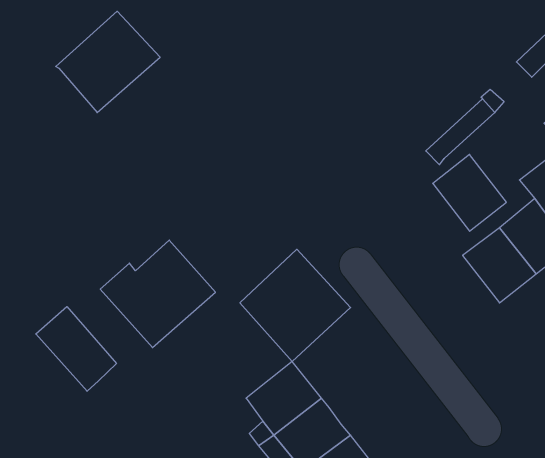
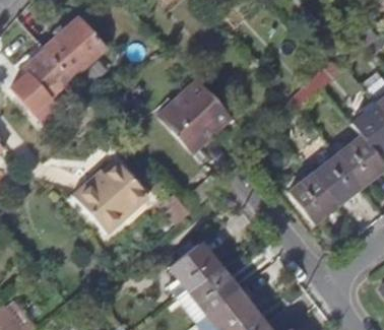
building: none -> [11,49,71,112]
building: [433,154,506,231] -> [289,173,337,223]
building: [240,249,351,361] -> [158,78,232,152]
building: [36,307,116,391] -> none

